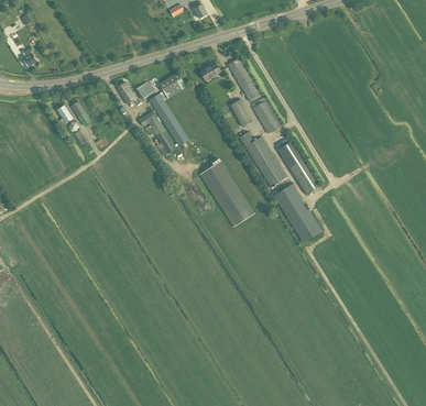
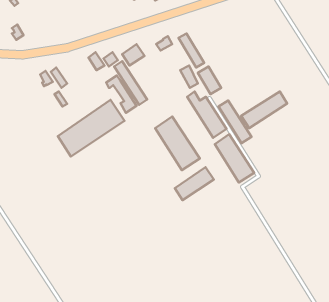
building: none -> [241,91,287,128]
building: none -> [58,100,125,156]
building: none -> [175,167,214,200]

